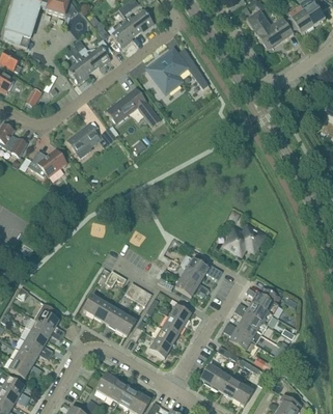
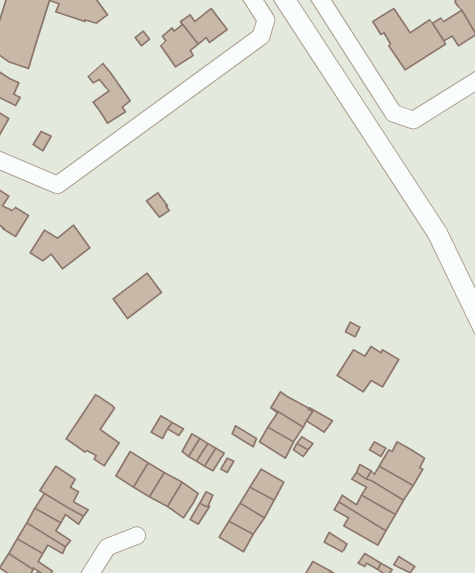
building: [73,39,110,68] -> none
building: [146,48,207,93] -> none
building: [106,87,160,126] -> none
building: [66,123,98,153] -> [113,273,162,318]
building: none -> [66,395,119,466]

